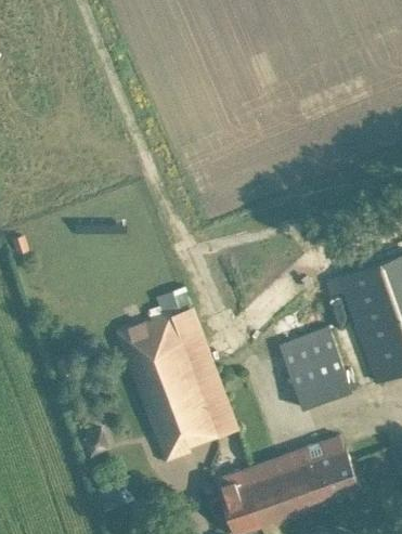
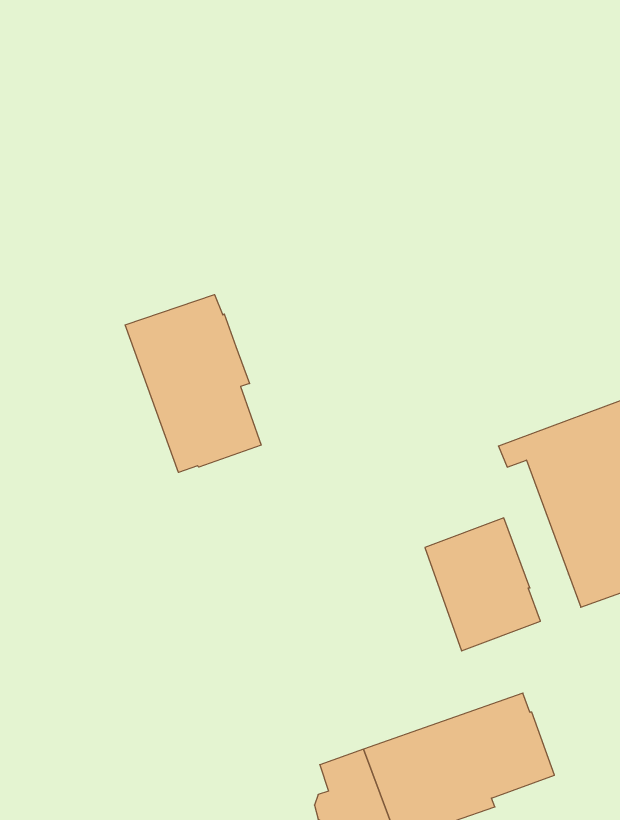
building: none -> [125,295,261,472]
building: [119,308,237,463] -> none

